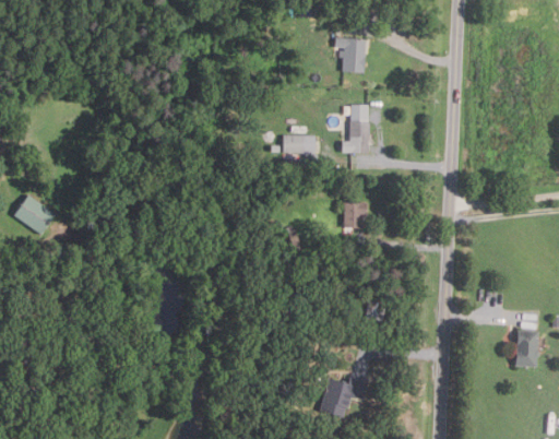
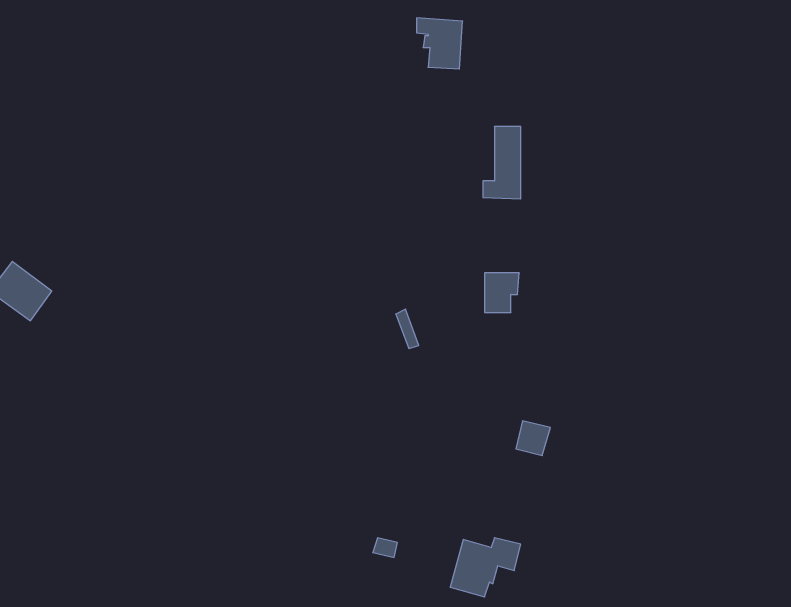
building: [336,38,367,72] -> [417,18,463,69]
building: [283,134,317,154] -> none
building: [515,331,540,366] -> none

